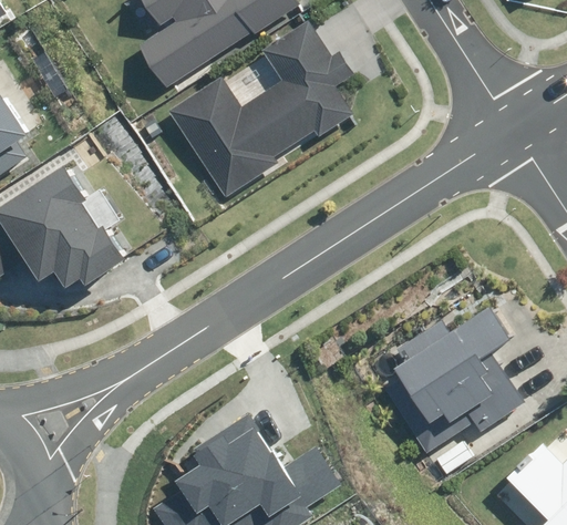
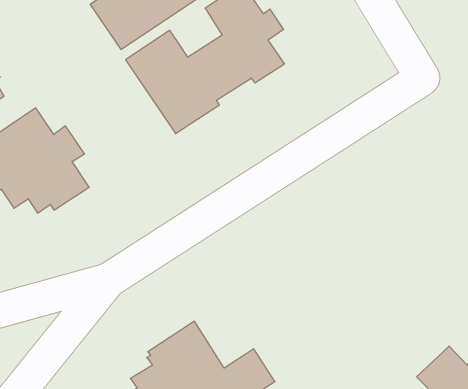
building: [384,305,524,452] -> none

